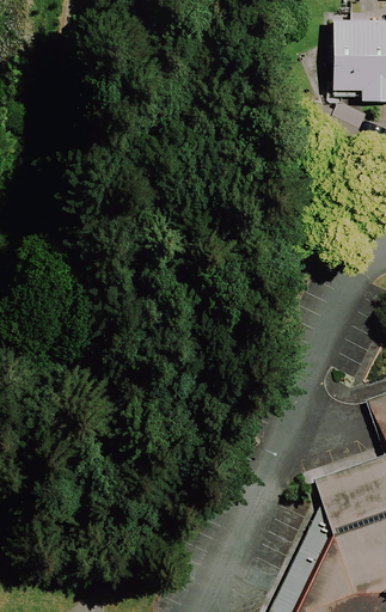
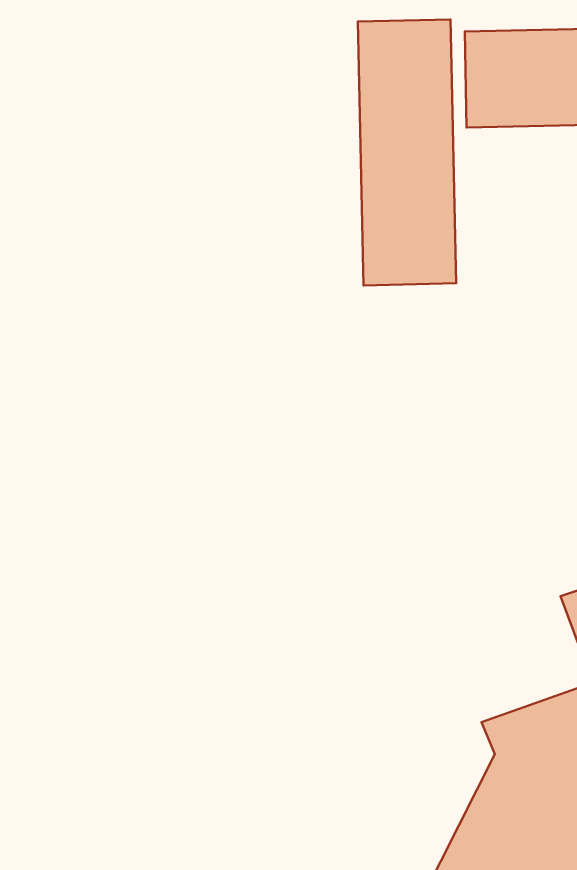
building: none -> [358,19,456,285]

